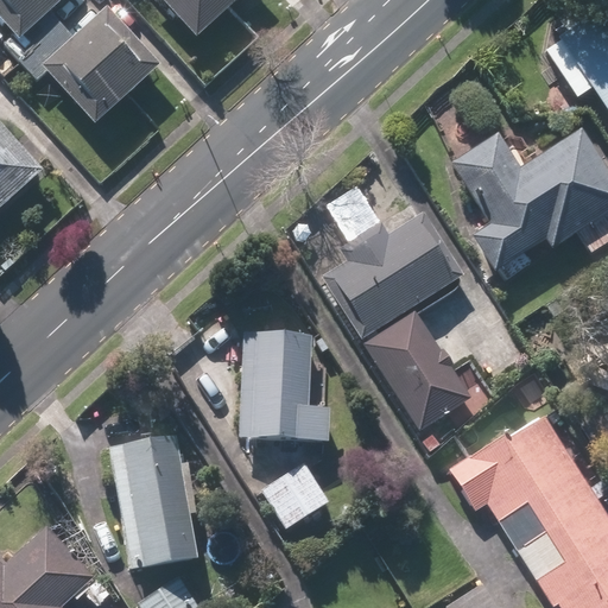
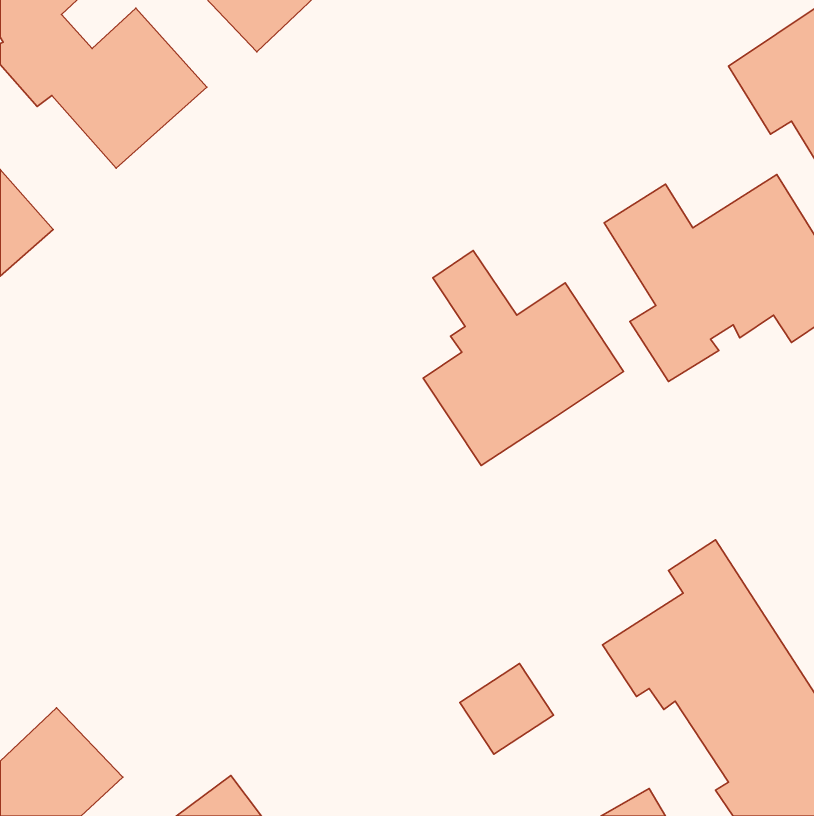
building: [362,306,474,429] -> none
building: [239,331,331,445] -> none
building: [108,436,197,570] -> none
building: [262,460,331,526] -> [460,664,553,754]

